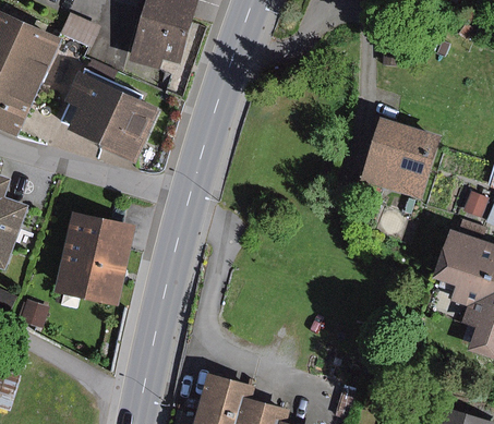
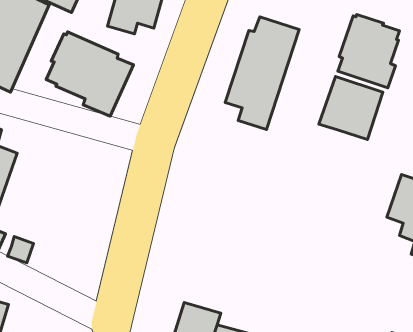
building: none -> [338,15,399,88]
building: none -> [225,17,299,130]
building: [53,211,132,308] -> none

